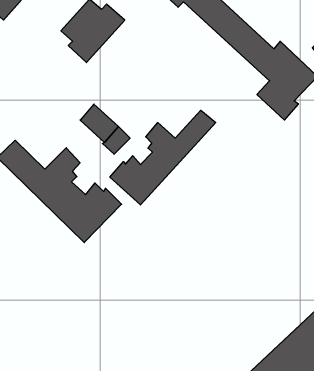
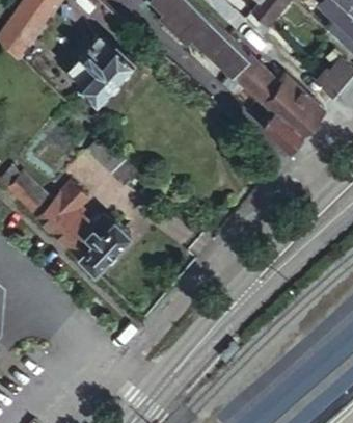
building: [110,110,216,205] -> none

